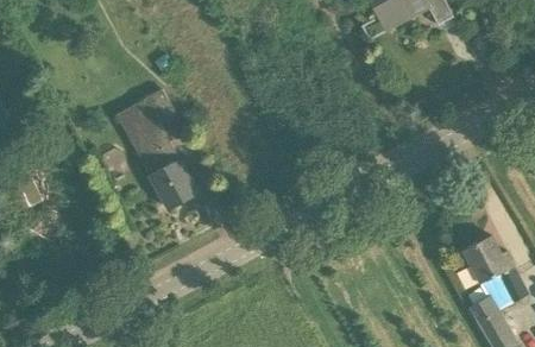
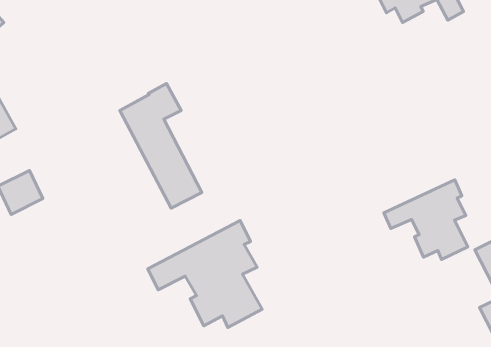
building: none -> [384,180,468,259]
building: none -> [148,221,262,327]

